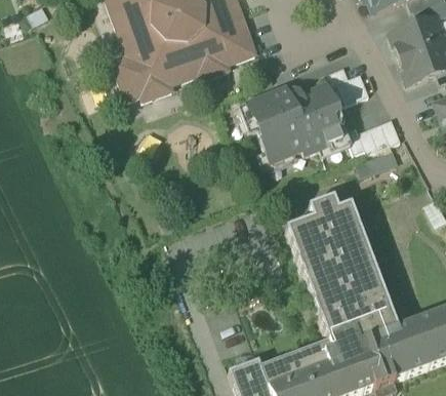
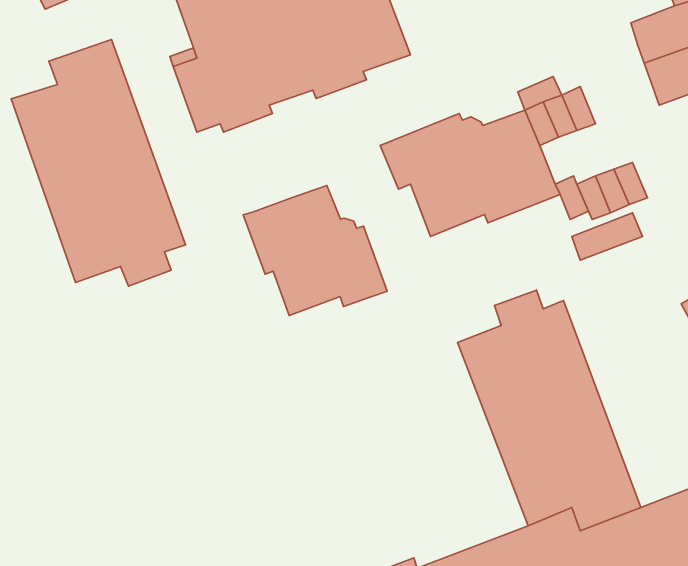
building: none -> [11,39,186,286]
building: none -> [243,186,387,316]

